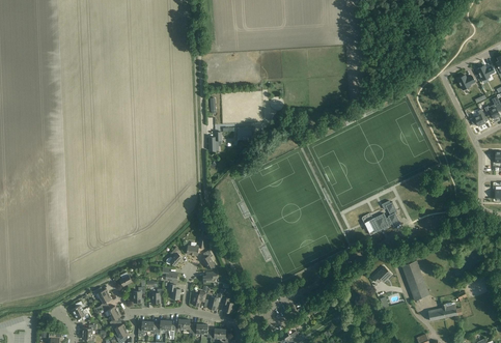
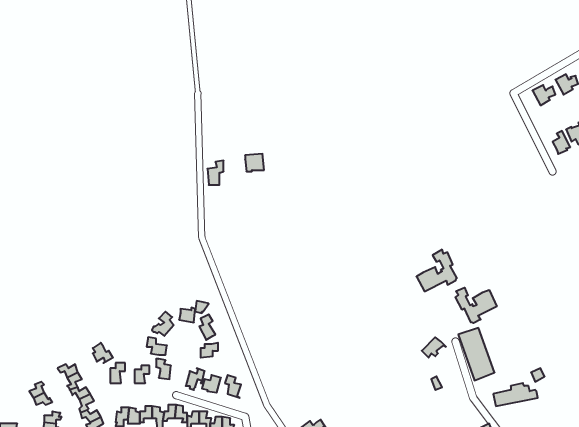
building: none -> [455,288,497,323]

